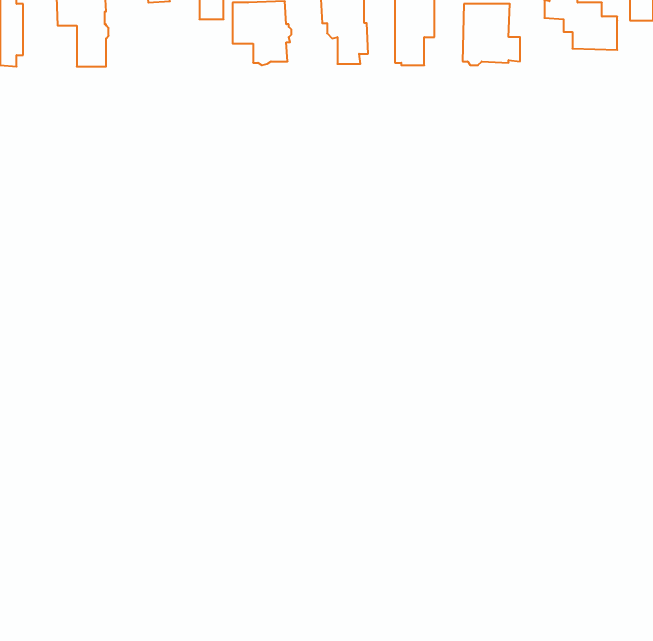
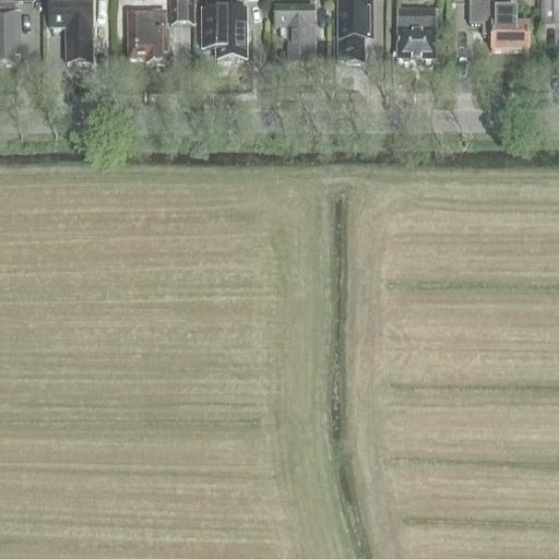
building: none -> [128,7,168,57]

